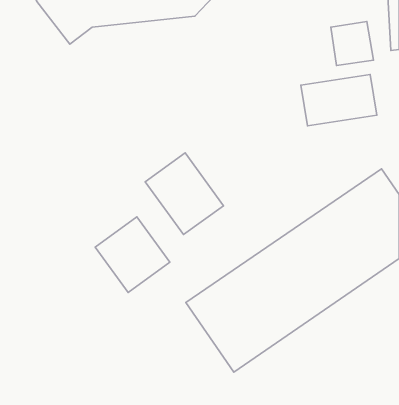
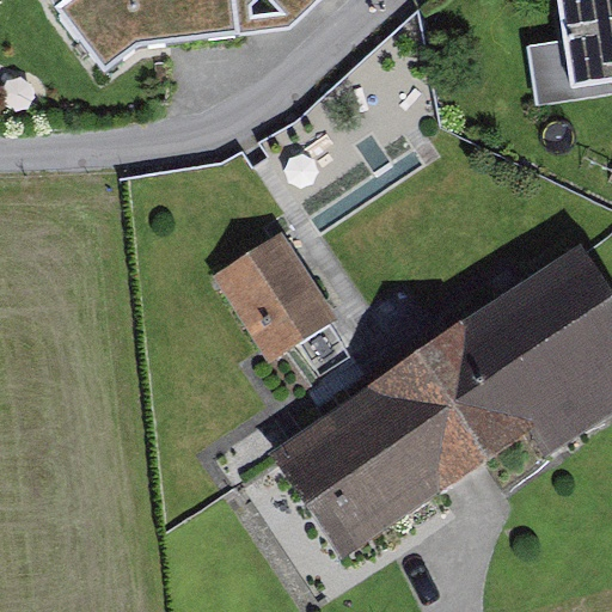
building: [301,74,377,126] -> none
building: [95,217,170,292] -> none

